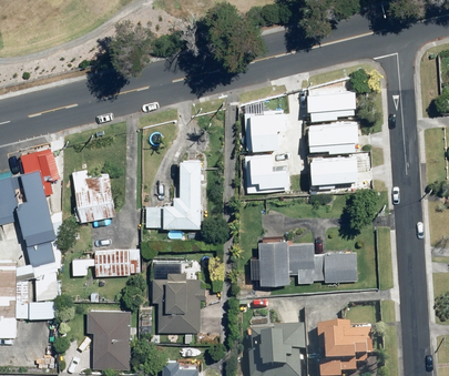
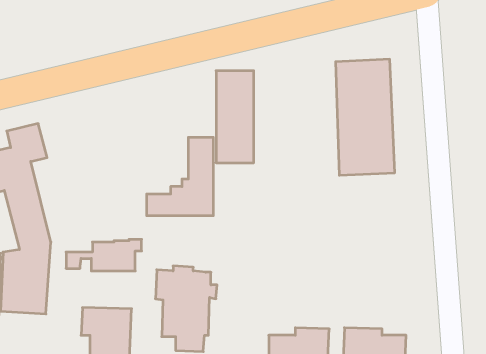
building: [253,111,286,192] -> [216,71,254,163]
building: [71,170,114,222] -> none
building: [258,237,356,284] -> none

